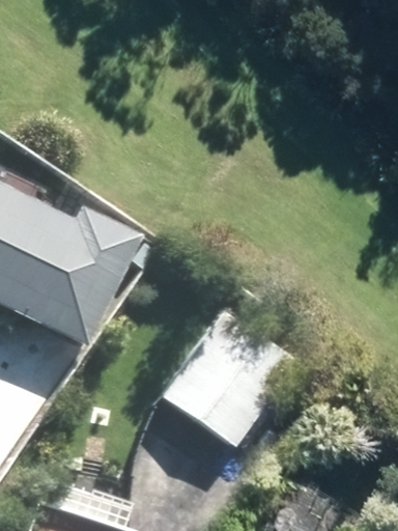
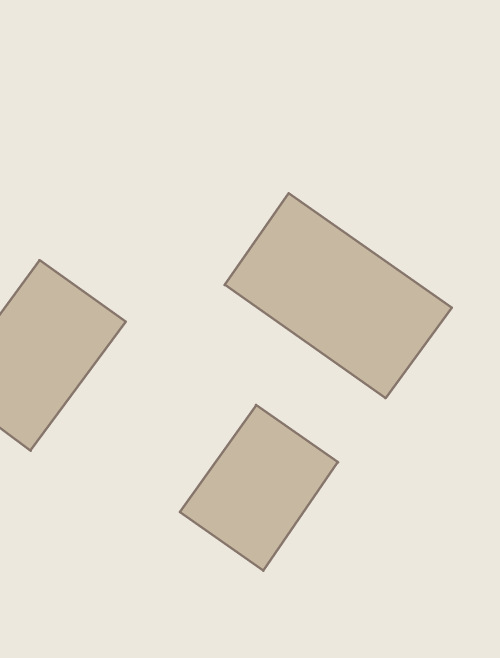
building: none -> [225,193,452,398]

